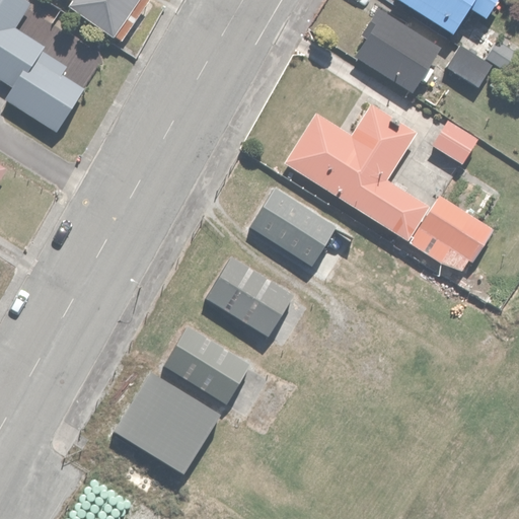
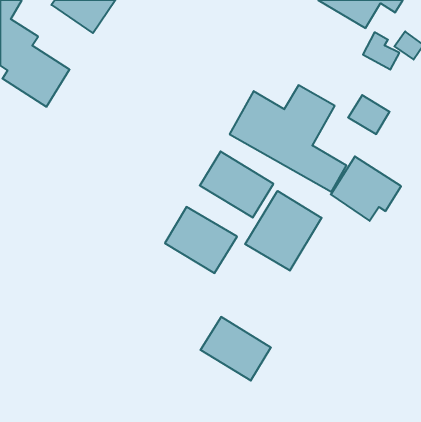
building: [355,7,440,93] -> none
building: none -> [245,191,322,271]
building: [163,325,249,403] -> [200,317,271,381]
building: [113,371,219,473] -> none

